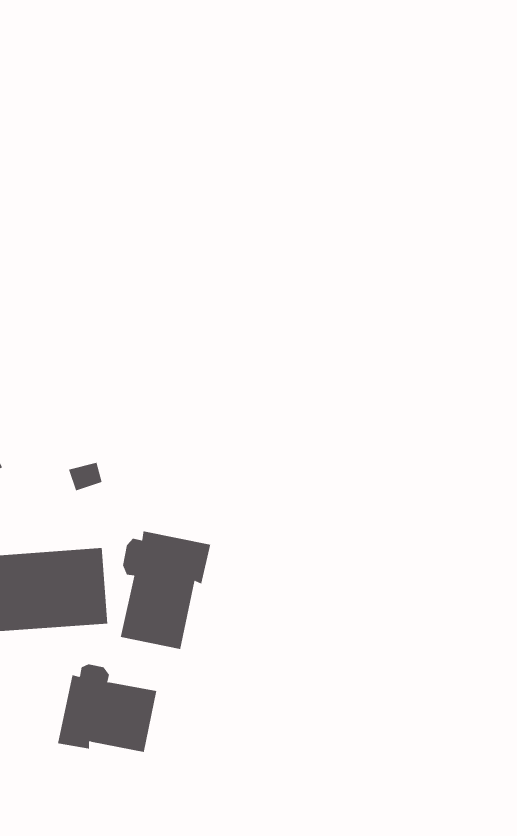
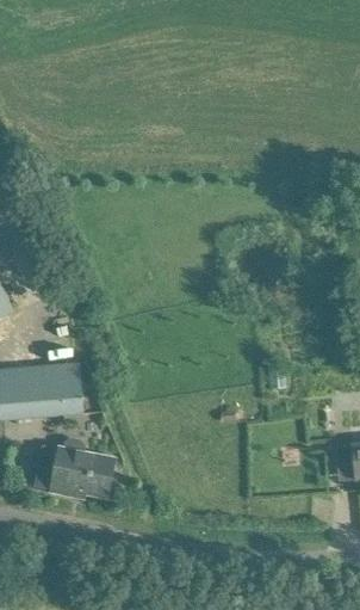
building: [120,531,211,650] -> none

